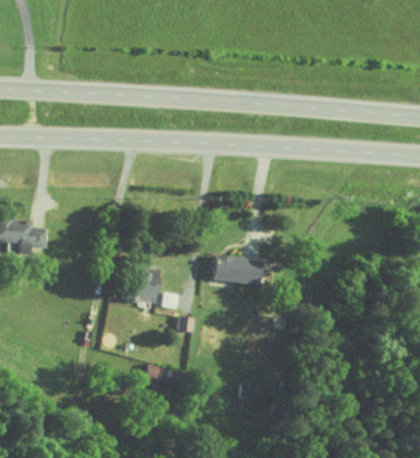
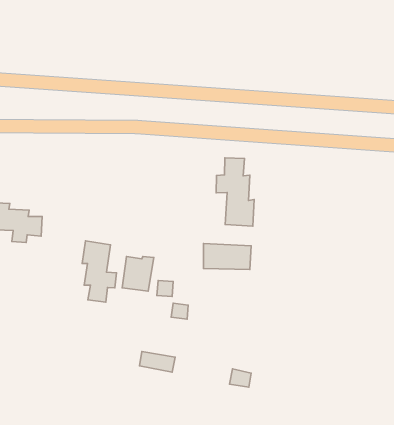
building: none -> [216,158,254,226]
building: none -> [82,241,117,302]

